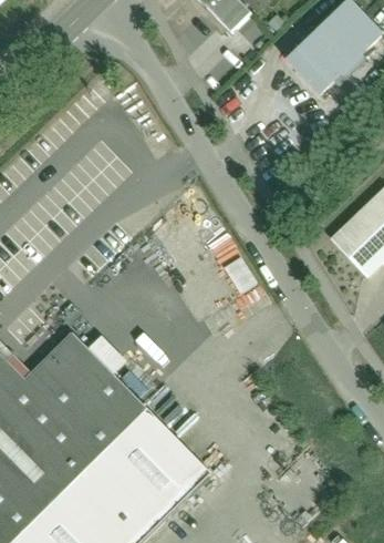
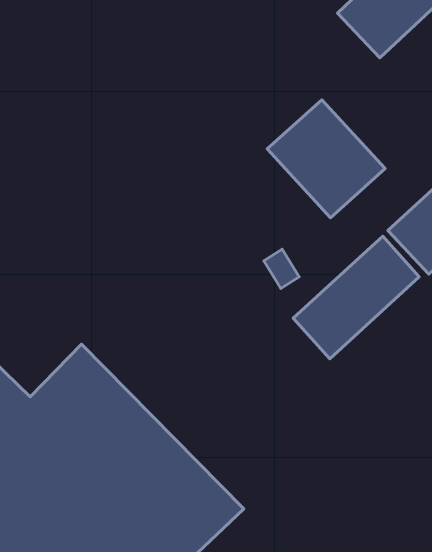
building: none -> [267,100,385,218]
building: none -> [293,236,419,359]

